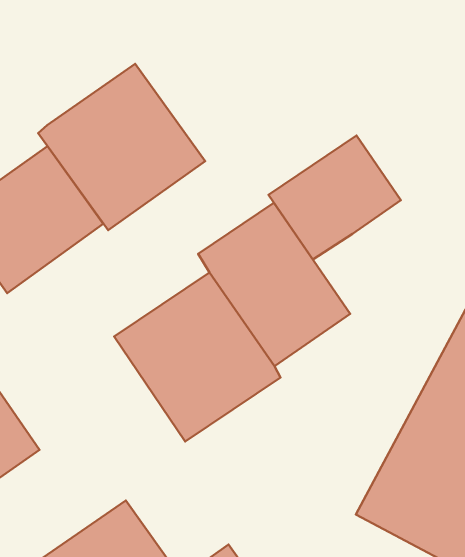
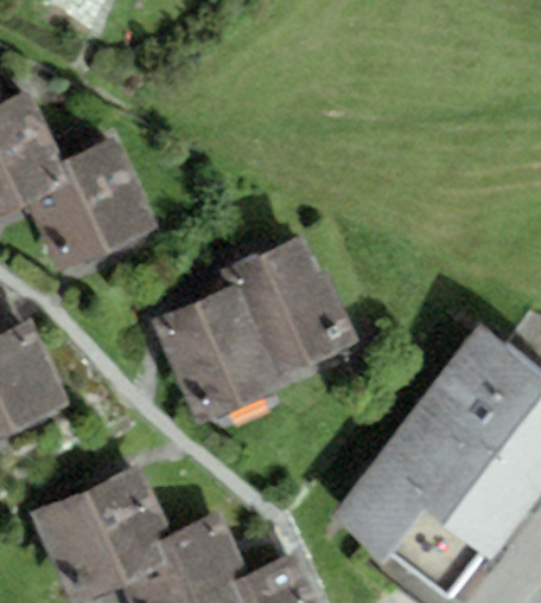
building: [38,64,205,230] -> none
building: [268,136,401,260] -> none

